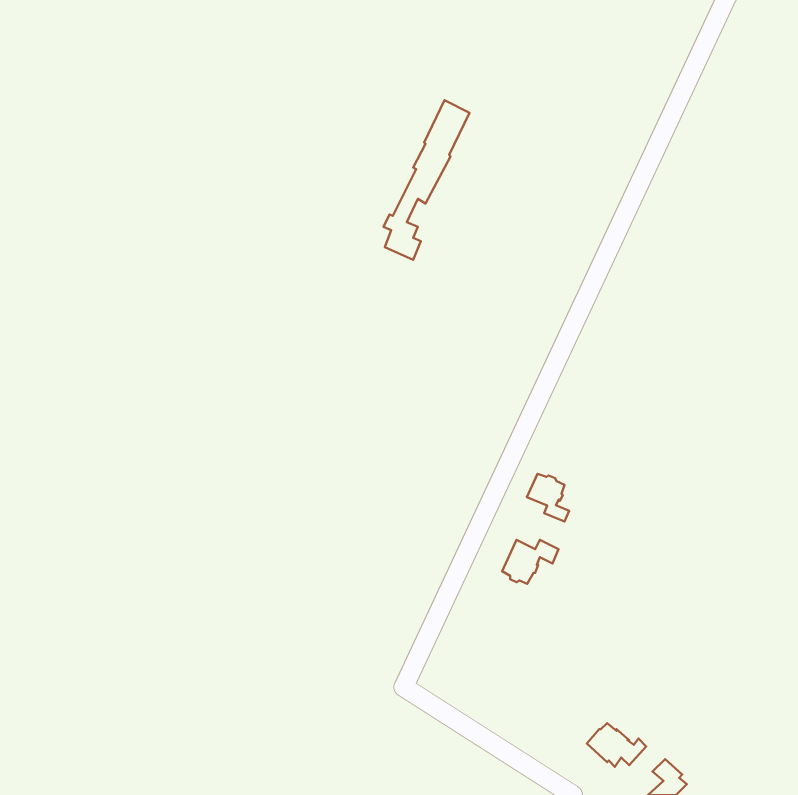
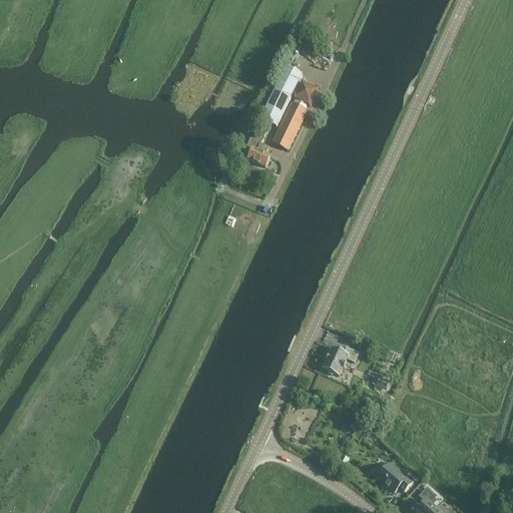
building: none -> [271,80,318,148]
building: [527,474,569,521] -> none

